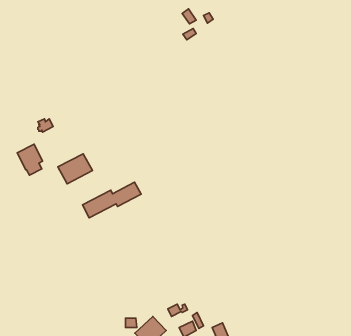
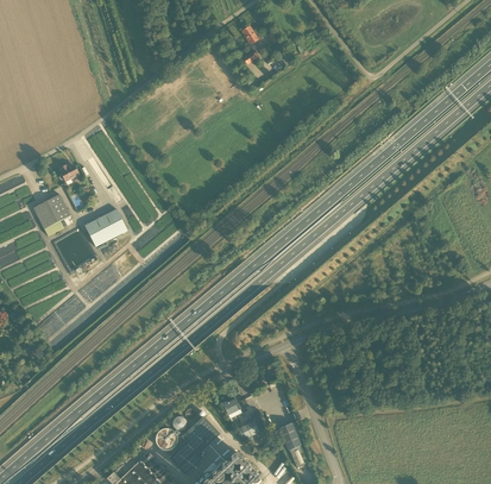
building: [82,182,141,218] -> none

